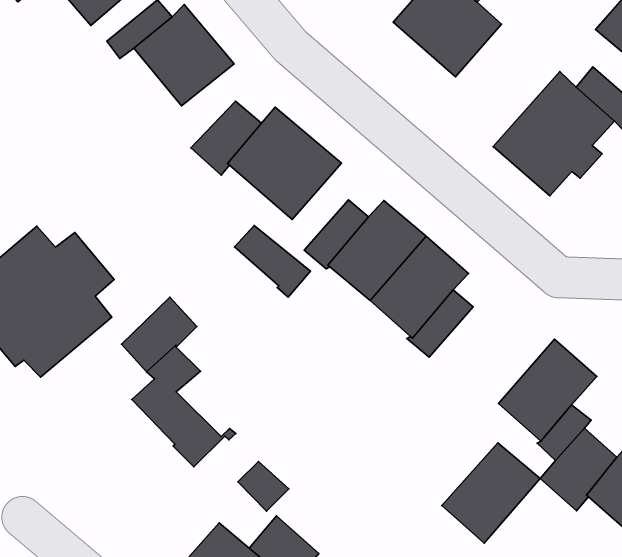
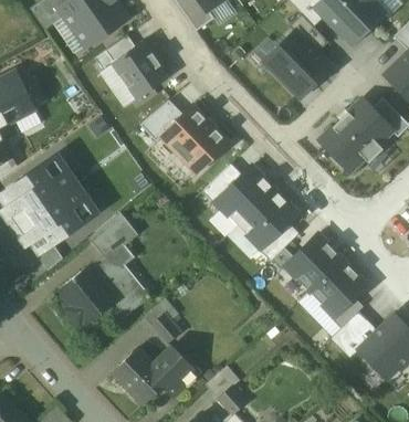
building: [235,226,310,297] -> none
building: none -> [59,266,116,326]
building: [442,443,540,543] -> [286,234,346,293]

